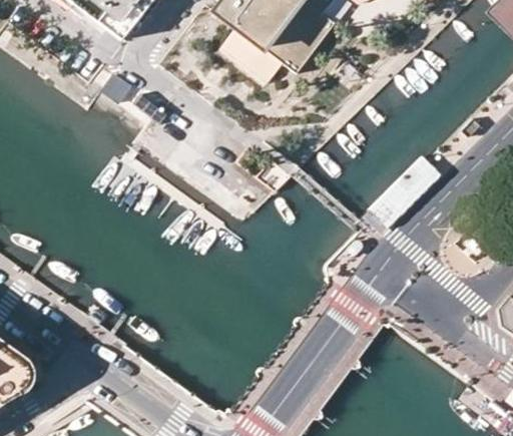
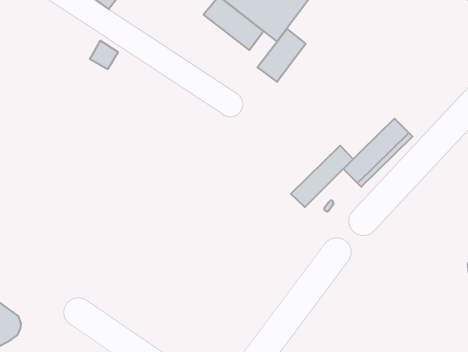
building: none -> [257,29,306,82]
building: none -> [291,146,353,207]

